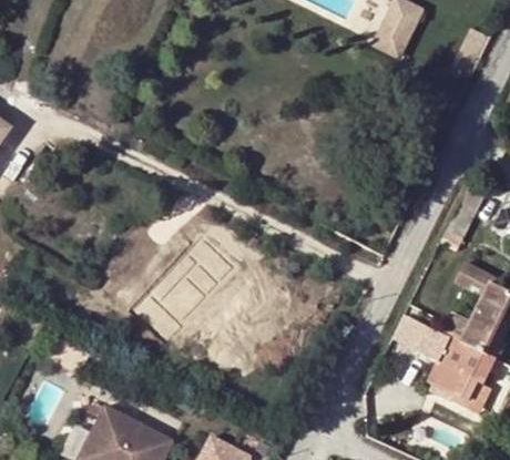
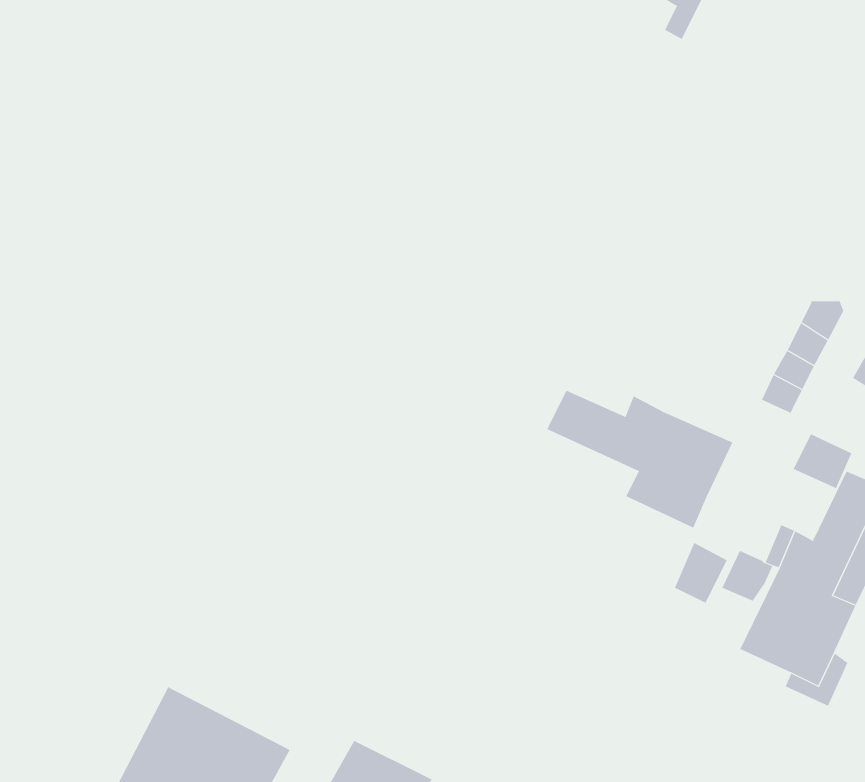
building: none -> [546,390,733,528]

